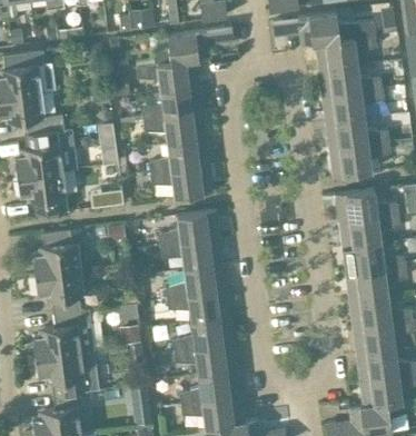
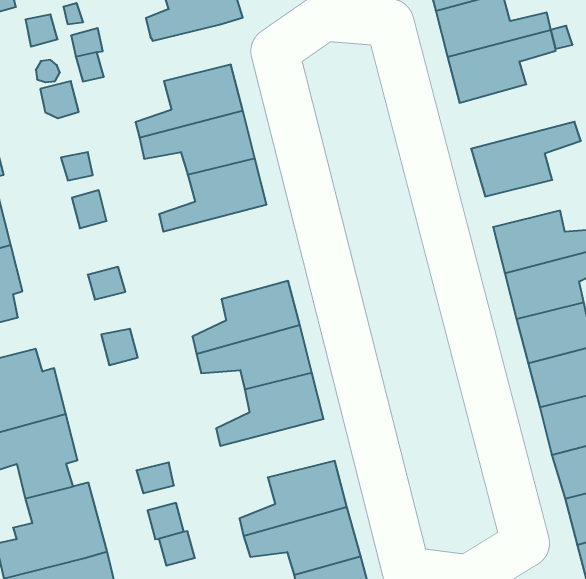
building: [135,60,199,88] -> none
building: [325,116,388,148] -> none
building: [149,165,212,197] -> none
building: [166,289,229,318] -> none

